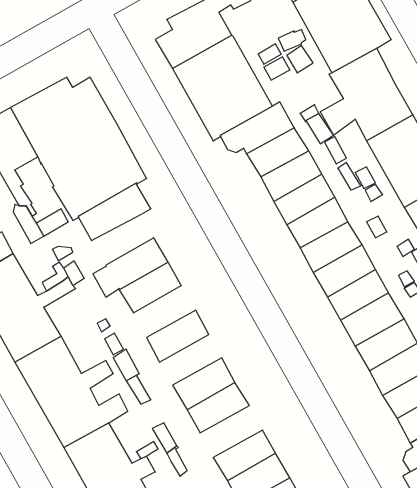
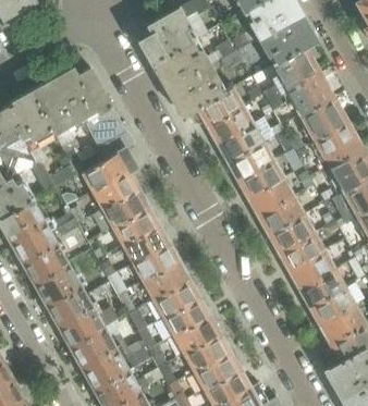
building: none -> [90,172,137,210]
building: none -> [122,225,169,264]
building: none -> [142,262,188,300]
building: none -> [172,316,219,355]

